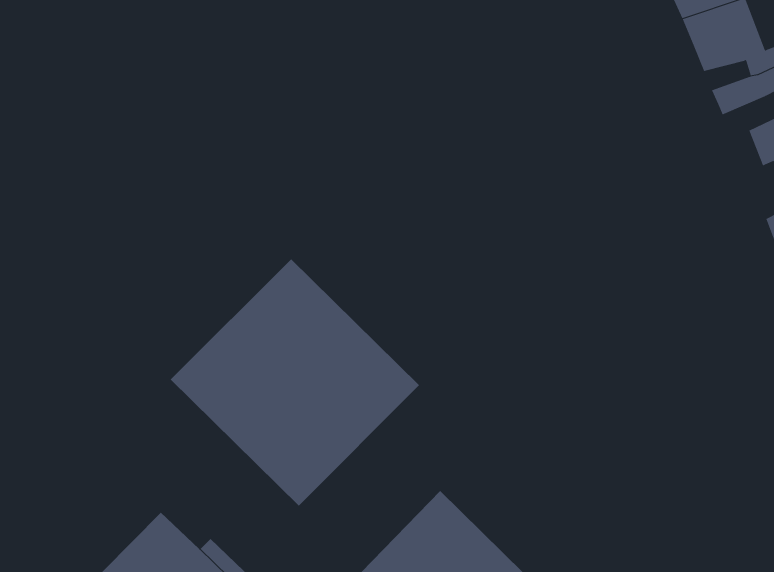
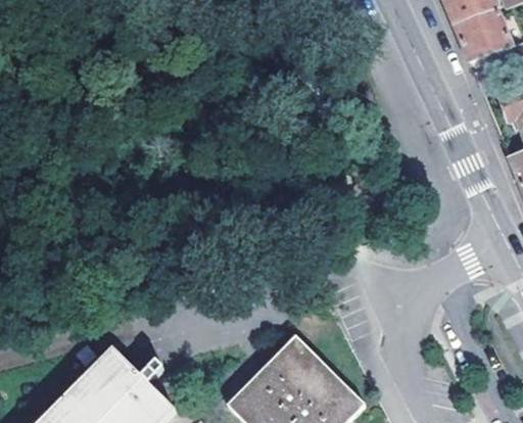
building: [170,258,420,506] -> none

